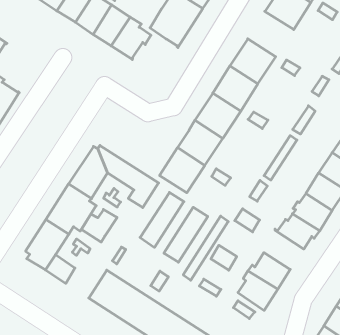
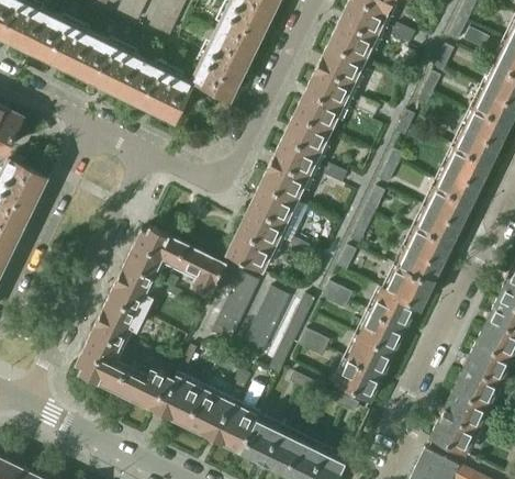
building: none -> [311,44,365,97]
building: [82,209,117,242] -> [128,371,169,411]
building: none -> [361,304,408,349]

